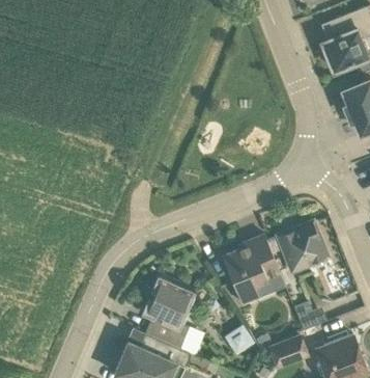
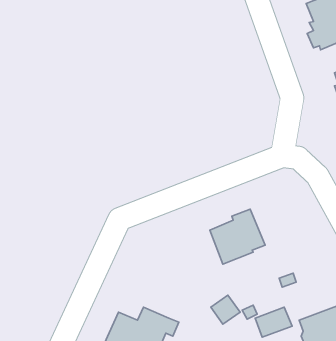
building: [278,223,329,272] -> none
building: [141,276,194,349] -> none

